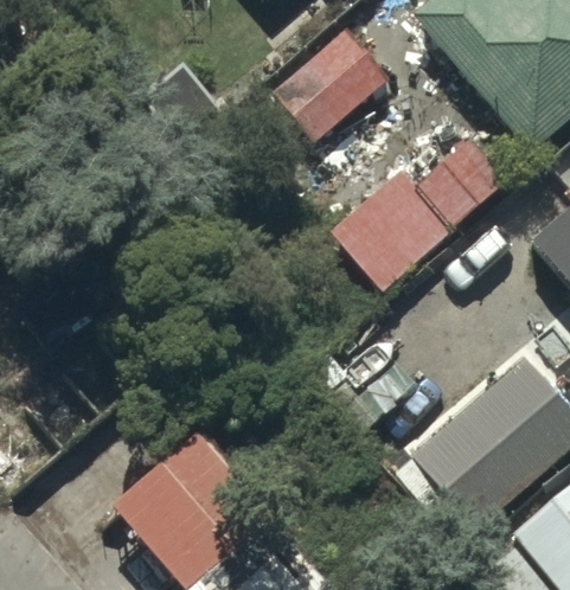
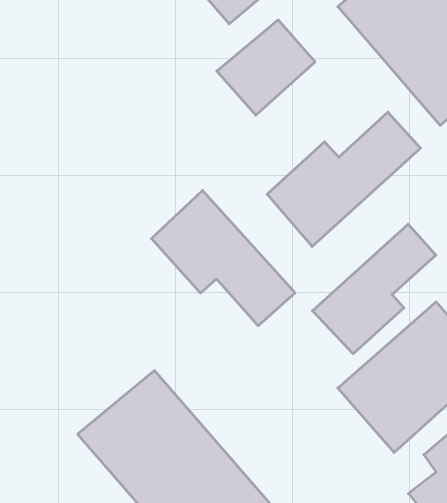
building: none -> [151,190,295,326]
building: none -> [312,224,436,354]

